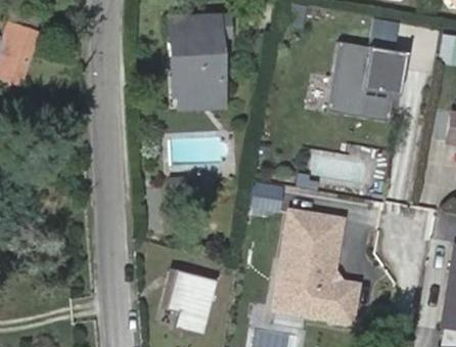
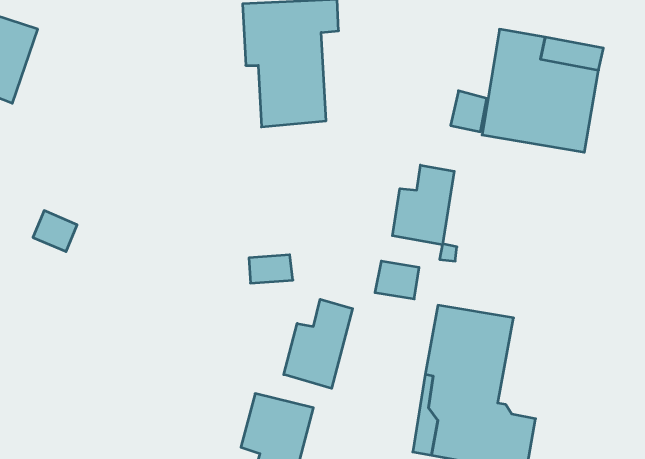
building: [171,58,224,110] -> none
building: none -> [392,165,454,245]
building: none -> [284,299,353,388]

